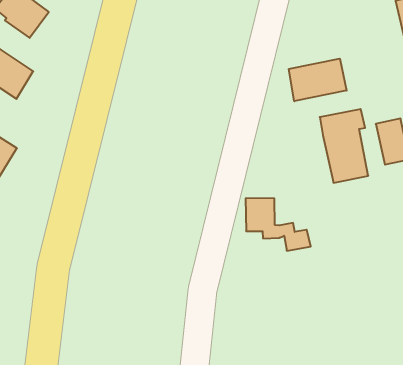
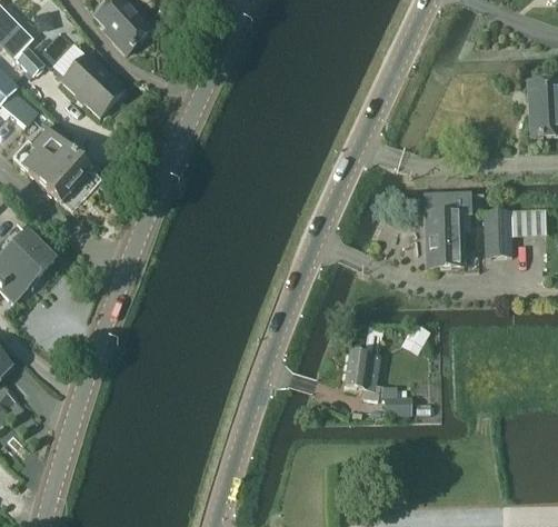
building: [289,59,347,101] -> none
building: [246,198,311,251] -> [345,348,411,412]

